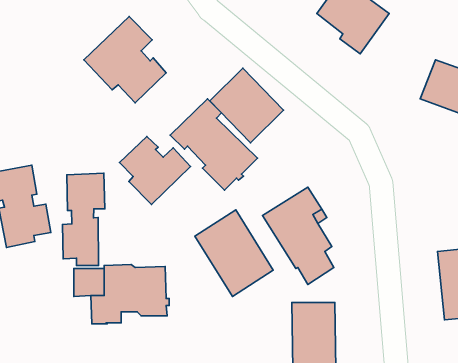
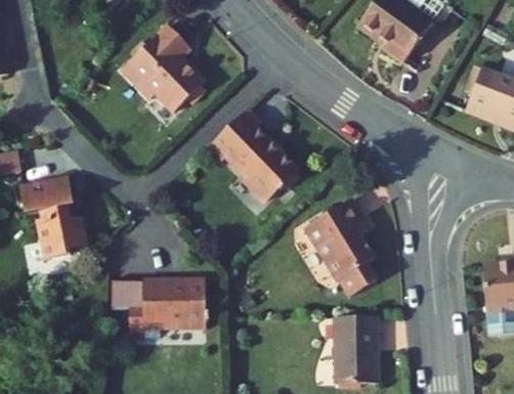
building: [210,68,284,143] -> none
building: [120,136,191,205] -> none
building: [62,173,105,266] -> none
building: [195,210,273,296] -> none

